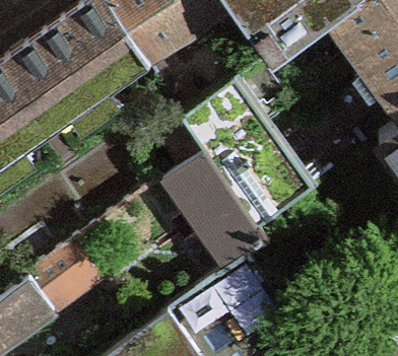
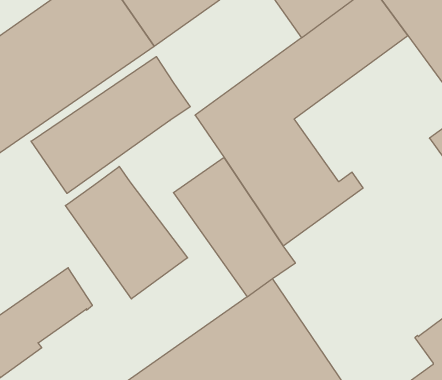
building: none -> [31,57,190,193]
building: none -> [65,166,188,299]

